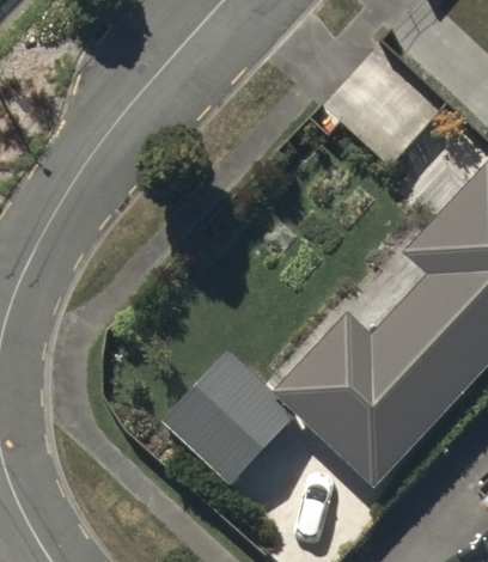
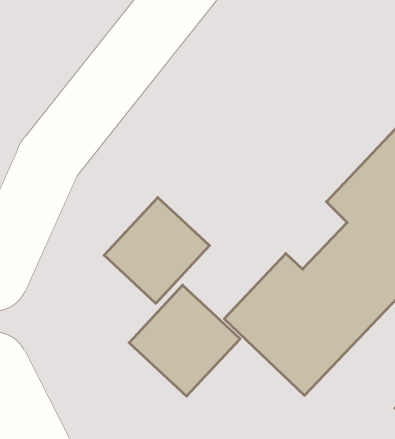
building: none -> [104,197,210,303]

